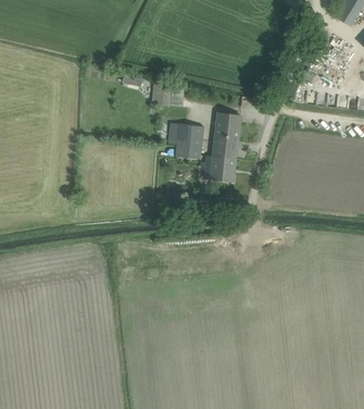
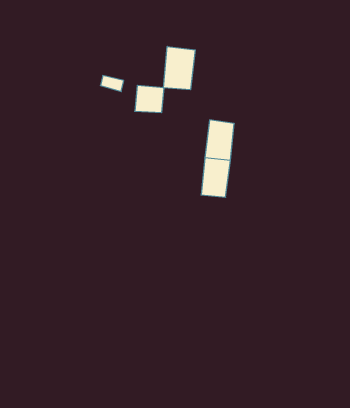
building: none -> [163,46,195,90]
building: [173,125,202,160] -> none

